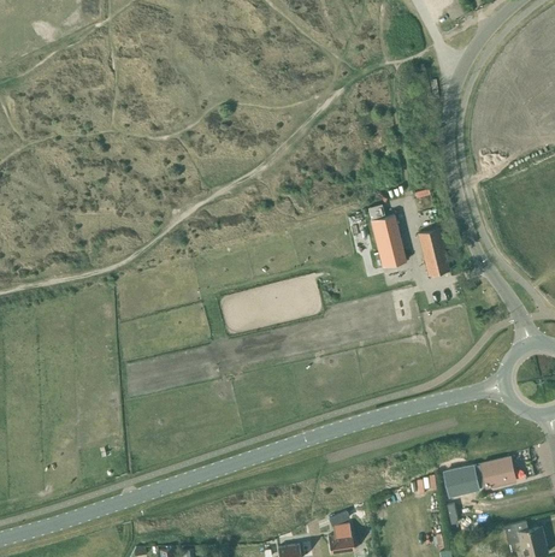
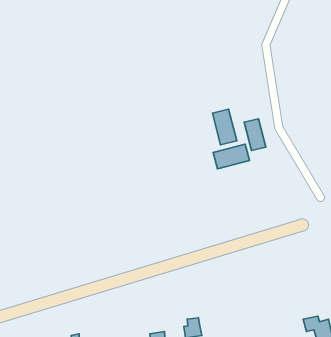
building: none -> [213,144,249,169]
building: [444,457,515,497] -> none

